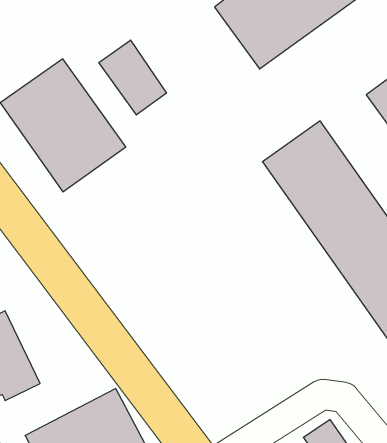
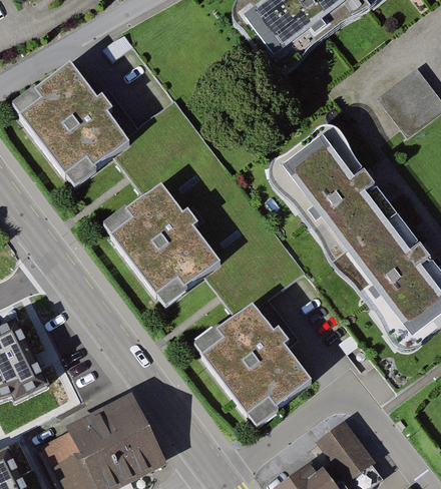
building: [99,40,166,115] -> none
building: none -> [100,177,226,309]
building: none -> [189,295,317,427]

